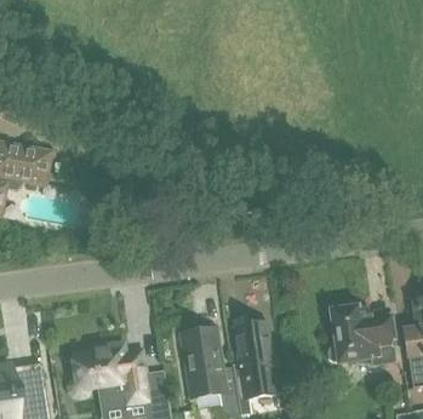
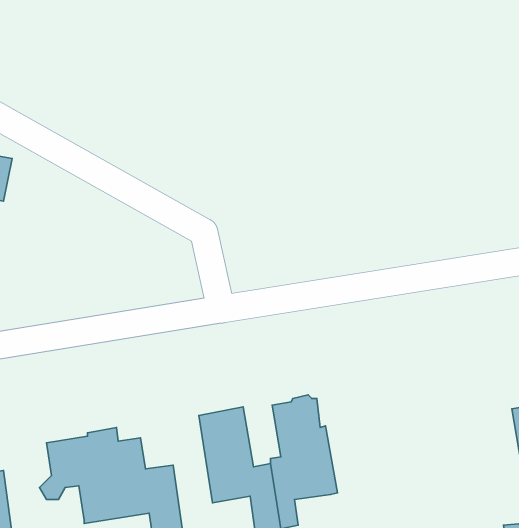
building: [324,305,394,366] -> none

